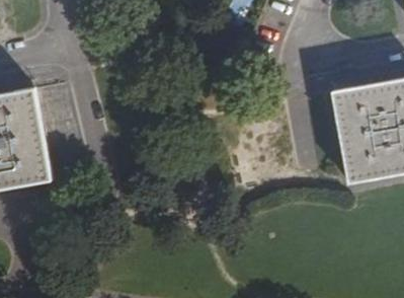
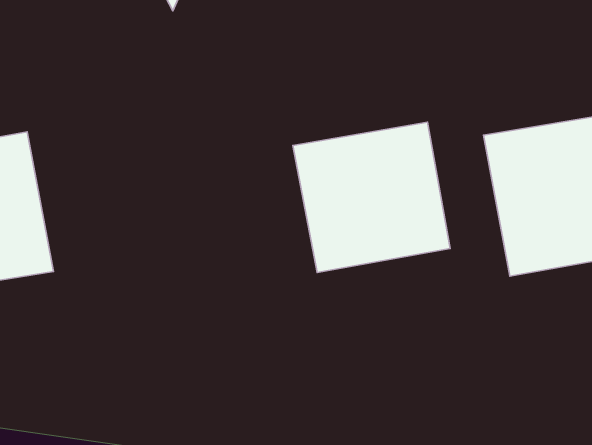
building: none -> [293,122,450,273]

